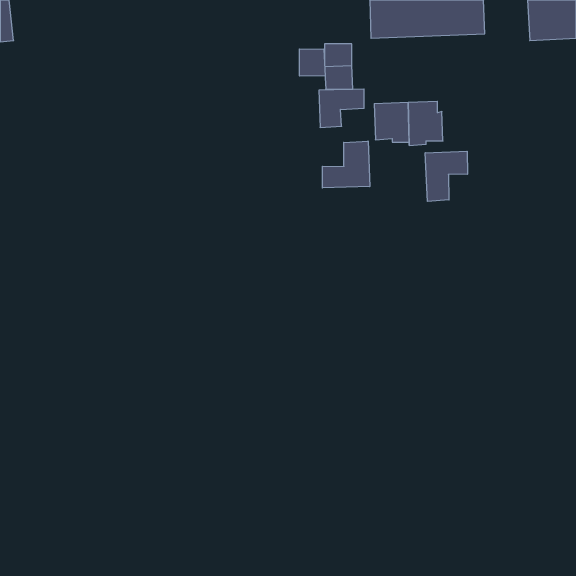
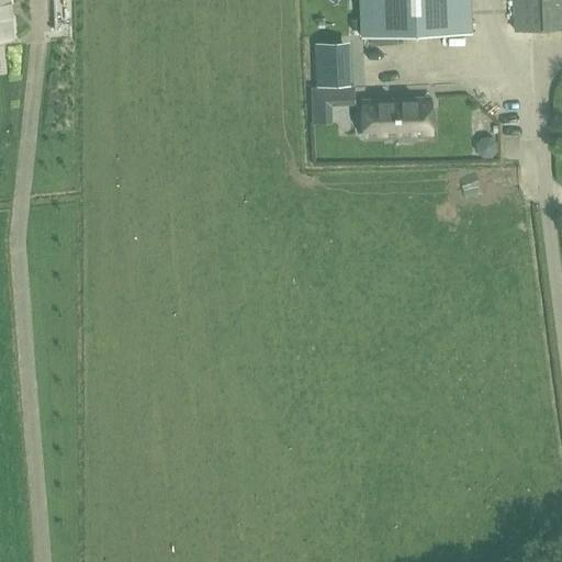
building: [300,49,325,76] -> none
building: [322,141,370,188] -> none
building: [425,151,467,201] -> none

